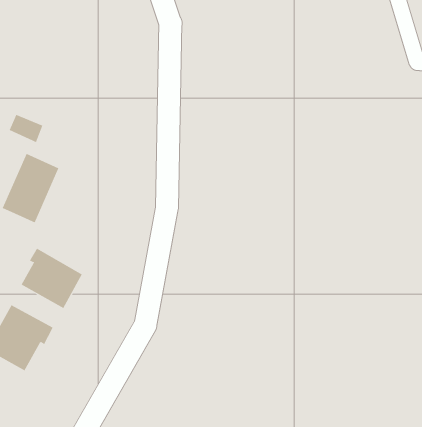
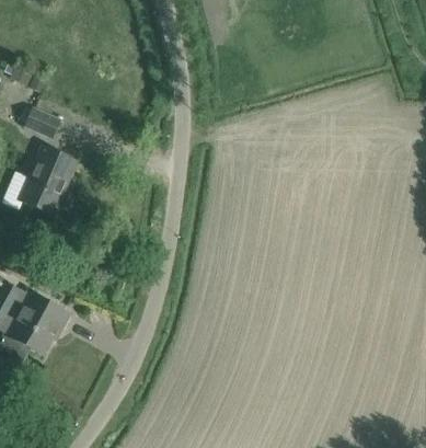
building: [21,248,83,309] -> none

